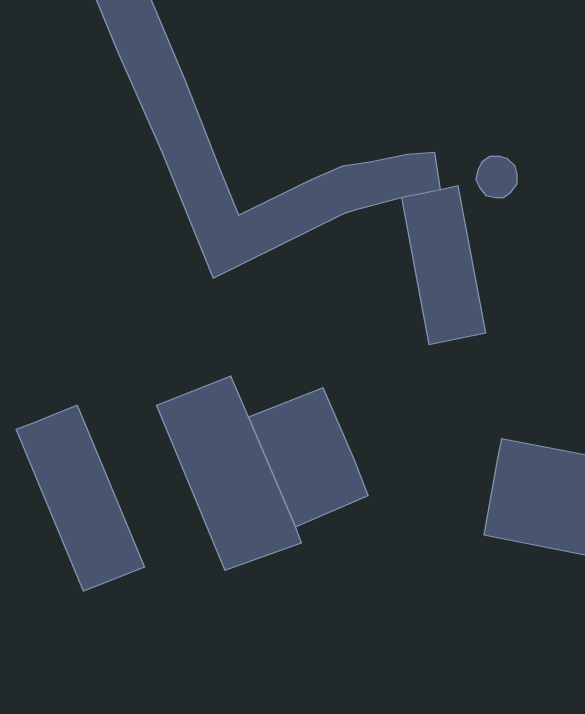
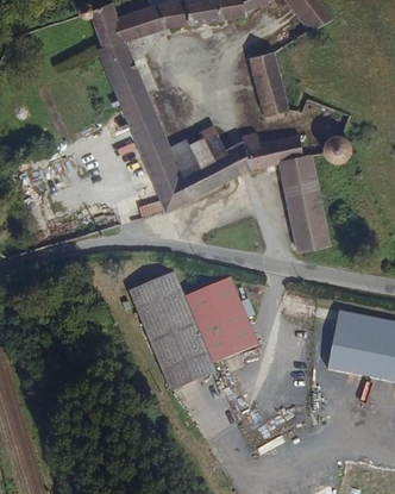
building: none -> [252,52,290,117]
building: none -> [169,127,224,174]
building: [16,405,145,591] -> none

